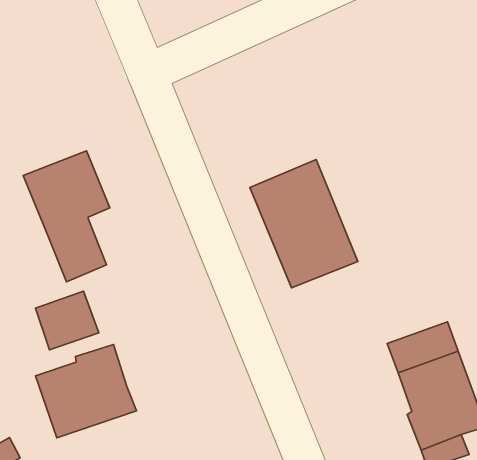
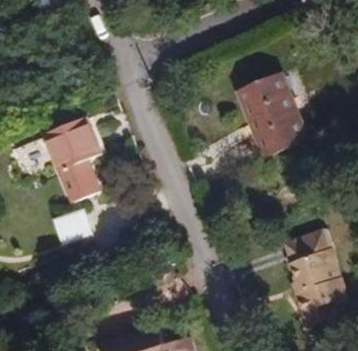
building: [250,160,358,288] -> [238,73,309,157]
building: [36,345,136,438] -> none

